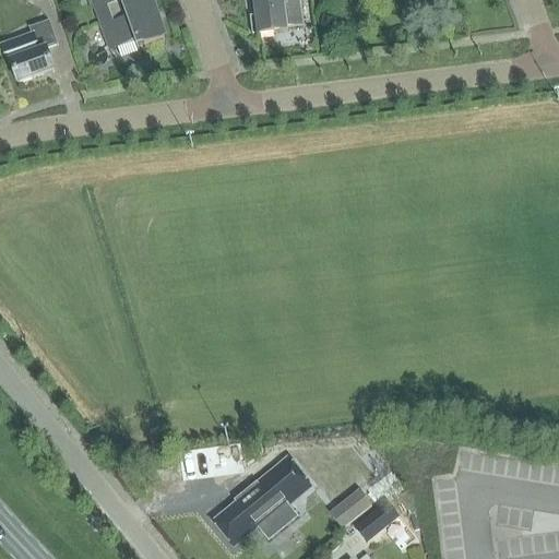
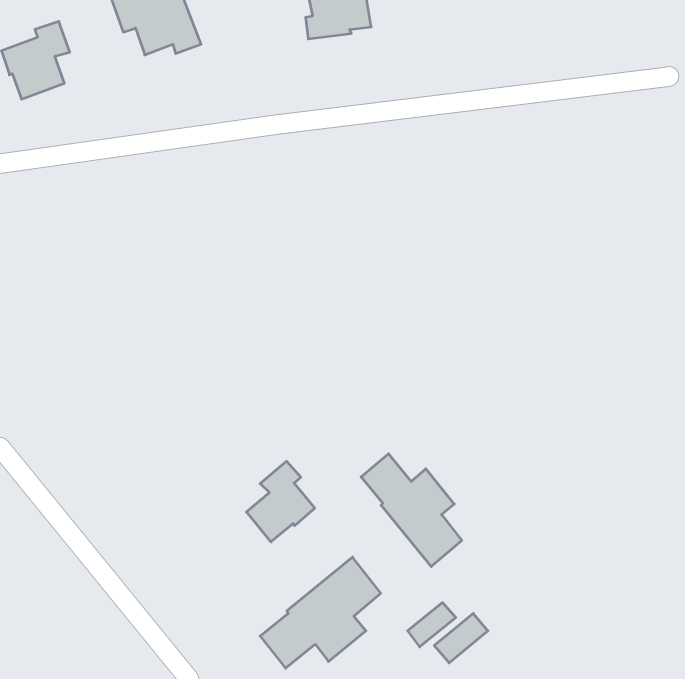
building: none -> [361,454,462,567]
building: none -> [246,461,315,542]

